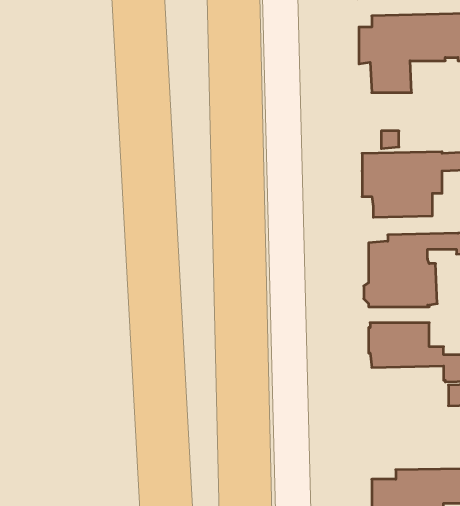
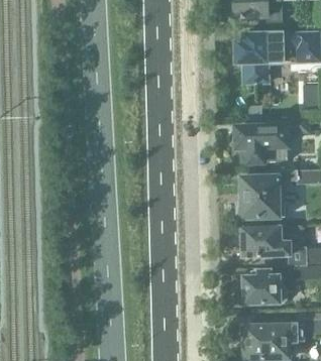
building: none -> [239,270,288,304]

